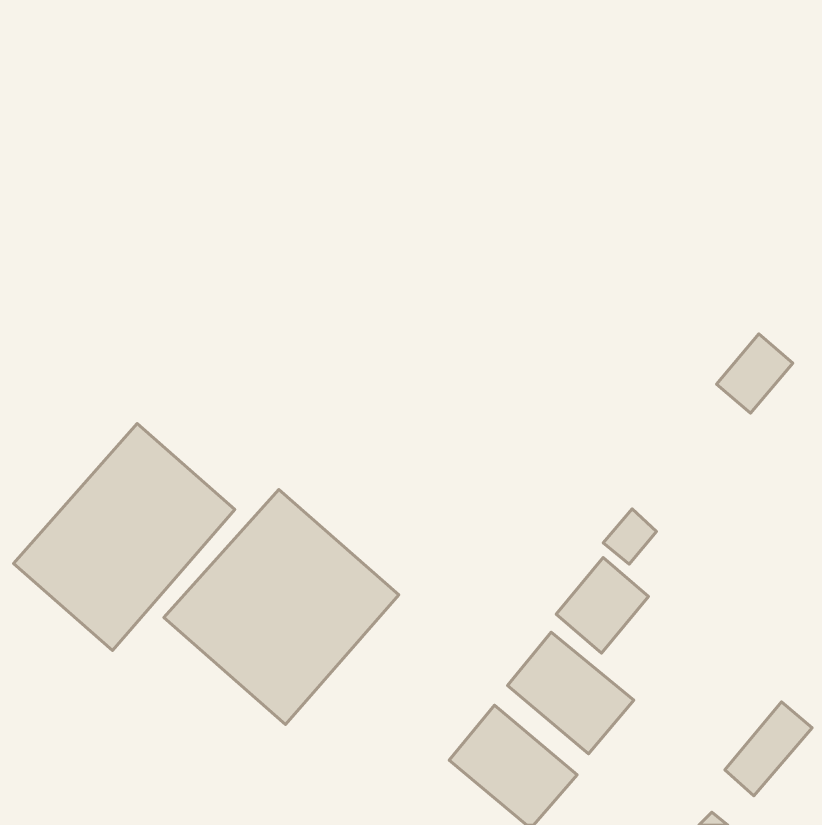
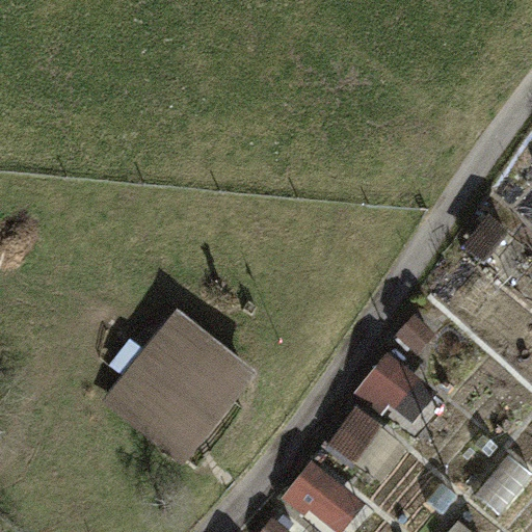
building: [14,424,235,651] -> none

